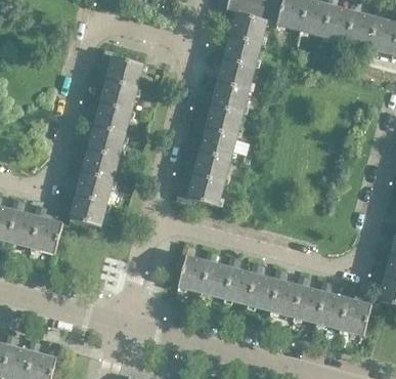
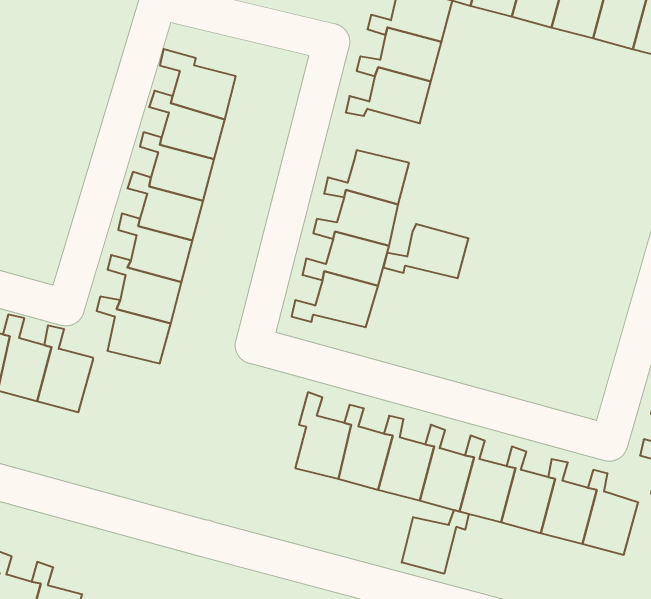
building: [200,82,248,113] -> [384,224,469,278]
building: none -> [402,510,469,574]

